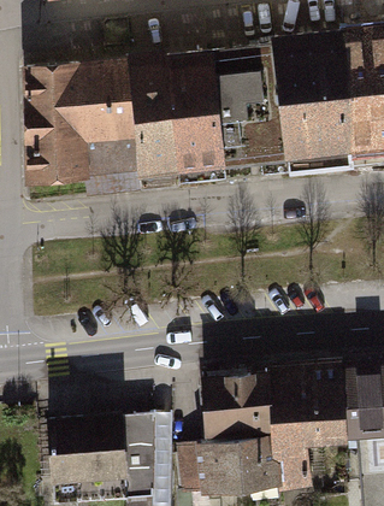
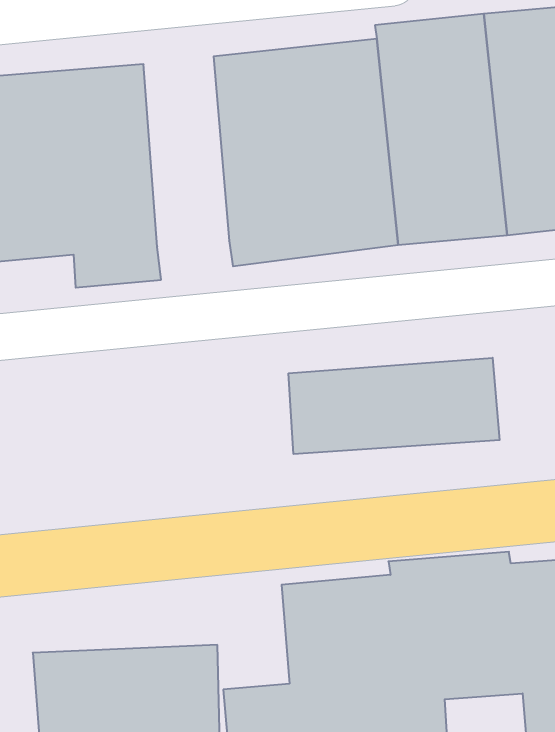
building: [125,43,179,167] -> none
building: none -> [289,358,500,454]

